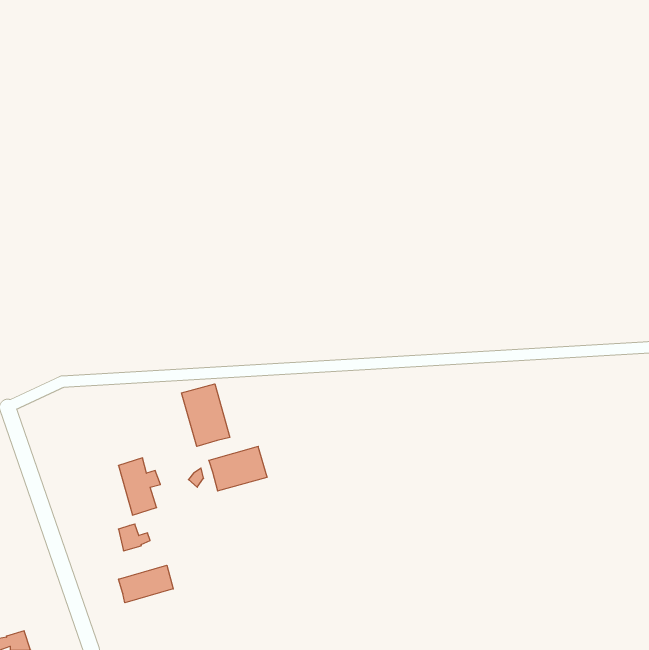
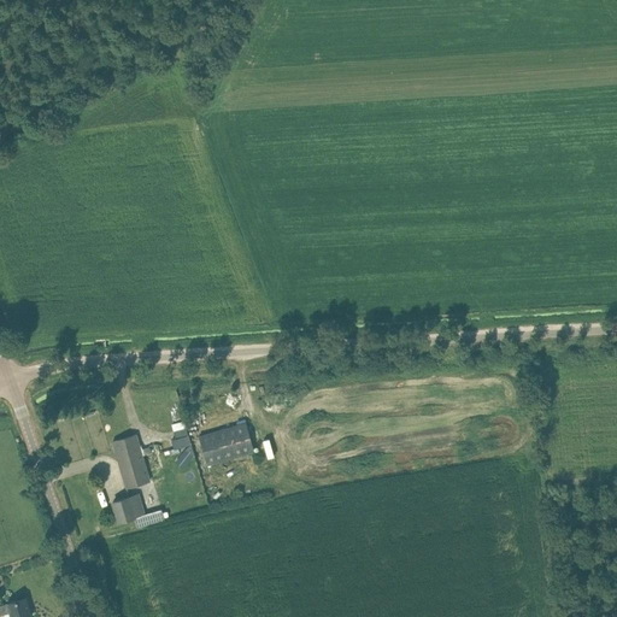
building: [182,384,230,446] -> none
building: [119,565,173,603] -> none

